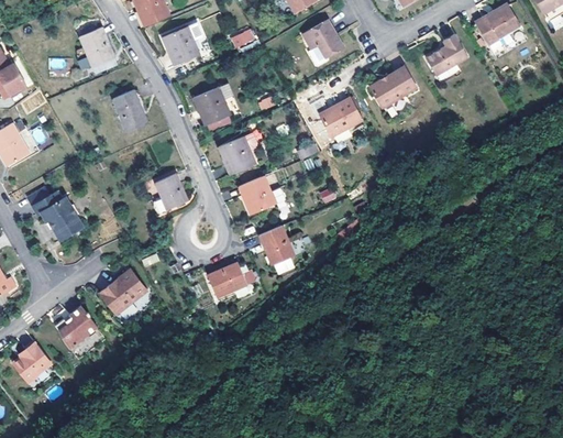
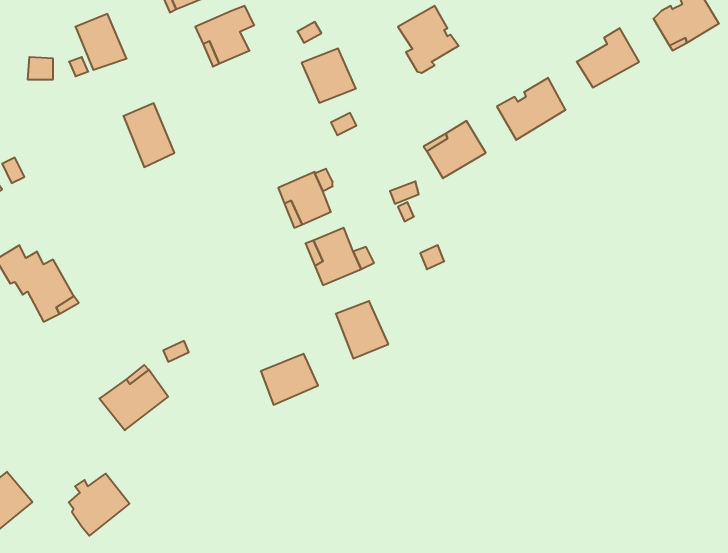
building: [194,87,231,124] -> [302,49,356,103]
building: [156,173,188,209] -> none
building: [55,307,97,350] -> [69,474,129,536]

